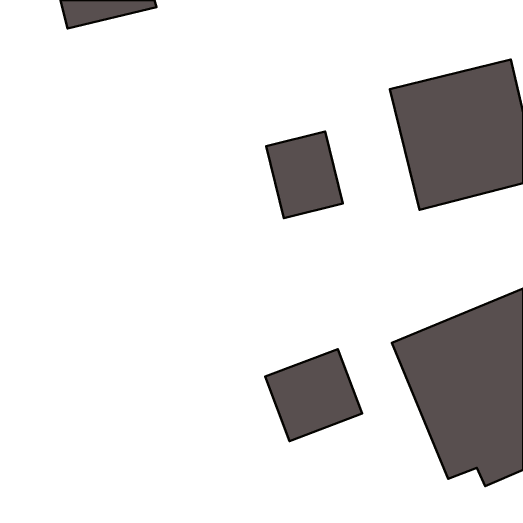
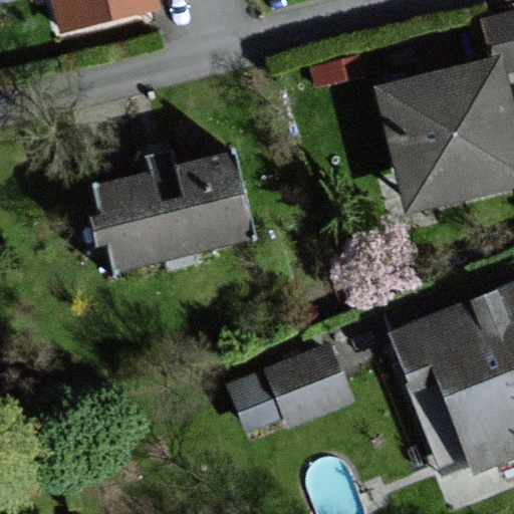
building: [266,132,343,218] -> none
building: none -> [104,154,251,265]

